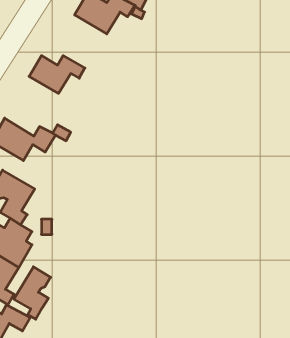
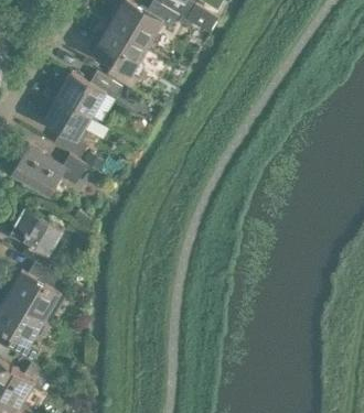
building: none -> [94,25,147,89]
building: none -> [42,97,90,157]
building: [14,267,51,319] -> none

